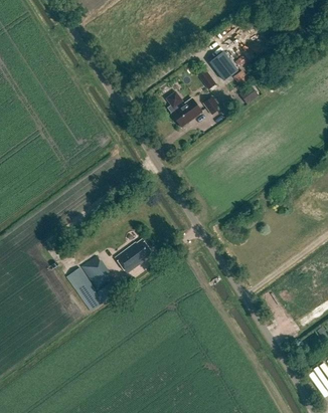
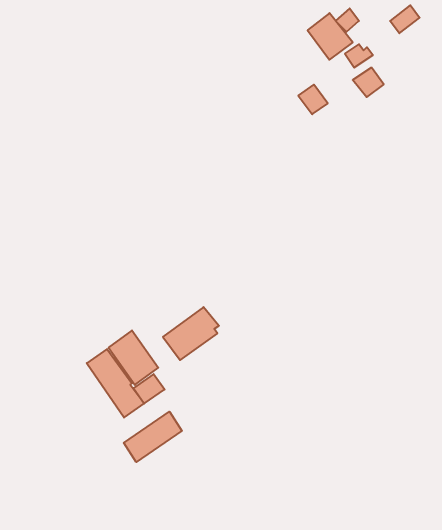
building: [167,93,202,128] -> none
building: none -> [124,412,182,462]

